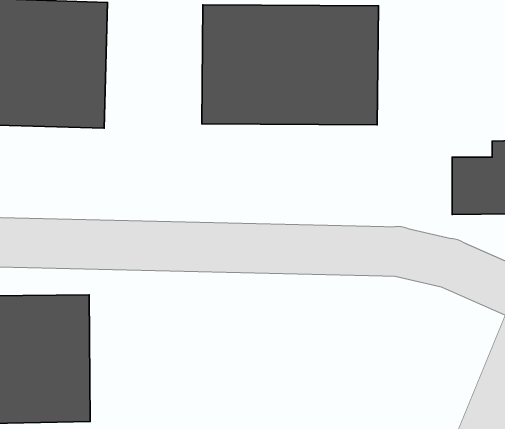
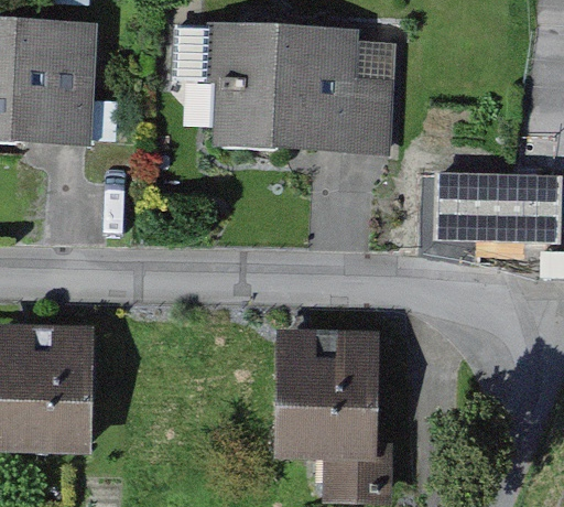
building: none -> [271,320,373,450]

